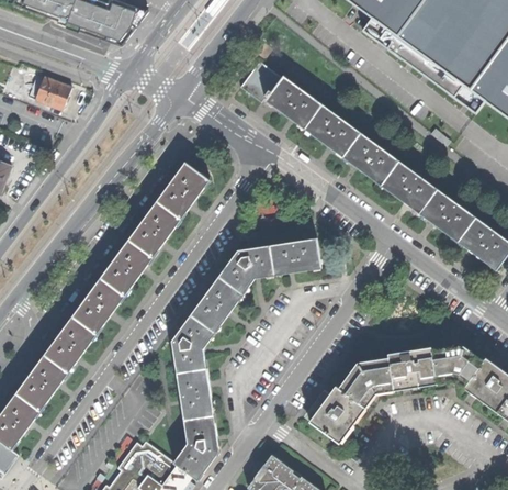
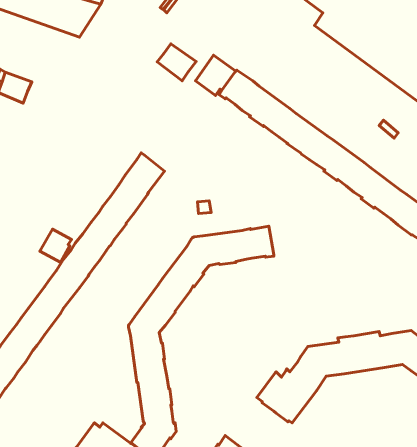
building: none -> [157,44,196,81]
building: none -> [40,229,72,263]

